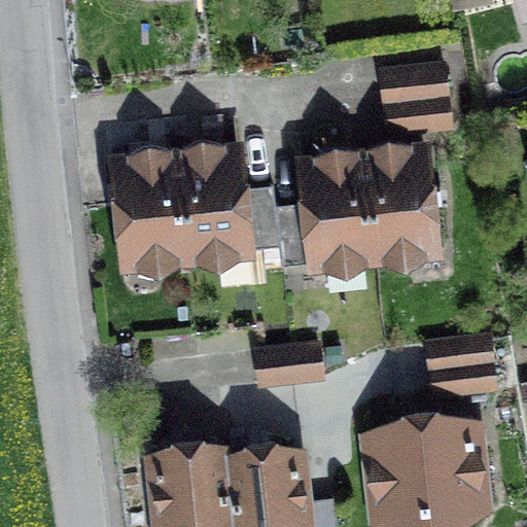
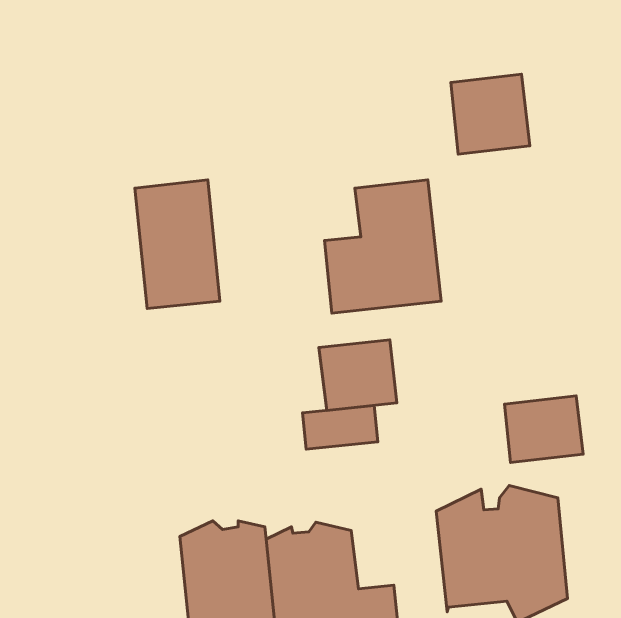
building: [176,148,279,257] -> none
building: [362,148,435,257] -> none
building: none -> [319,340,397,410]

